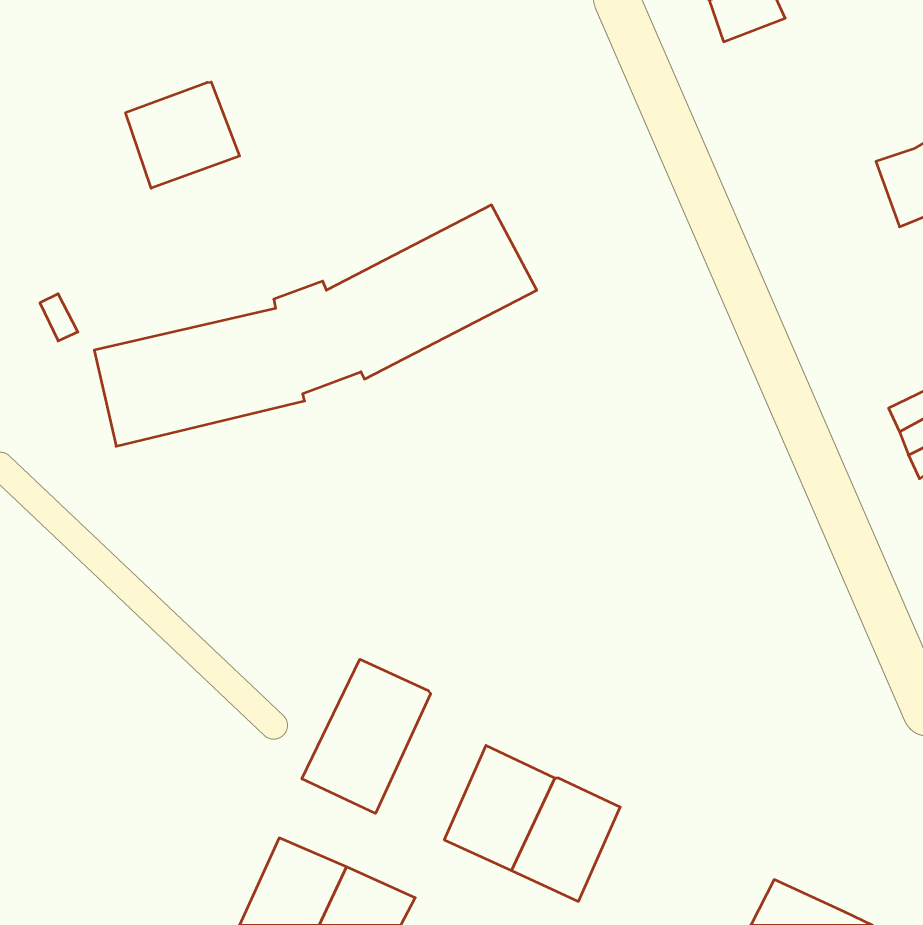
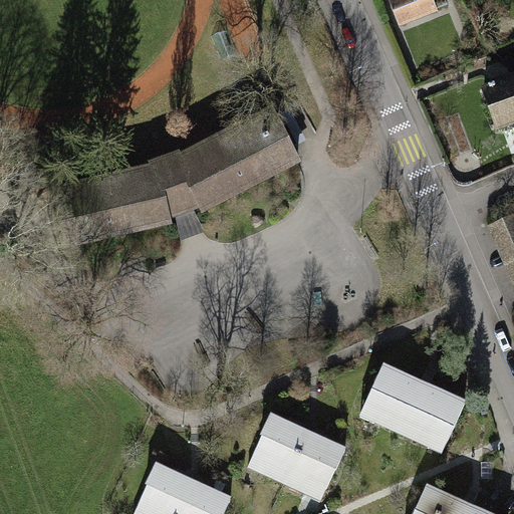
building: [126,82,240,188] -> none
building: [302,659,431,813] -> none
building: none -> [363,366,465,451]

